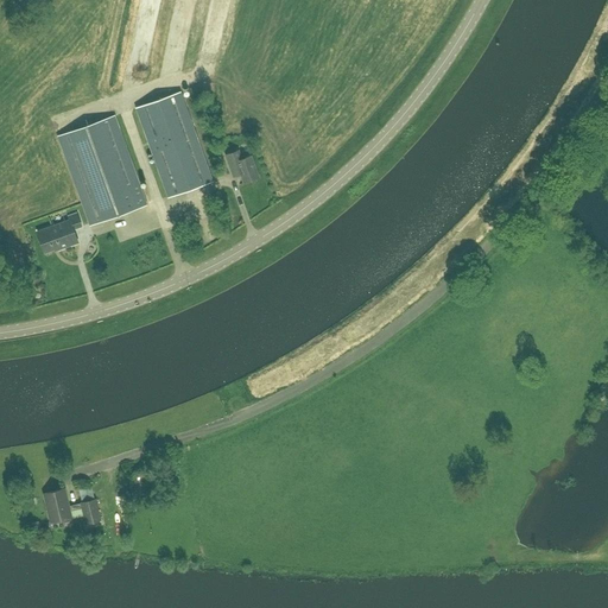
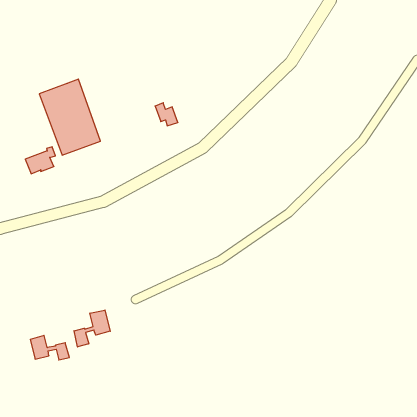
building: [135,91,213,197] -> none
building: none -> [74,310,110,347]

